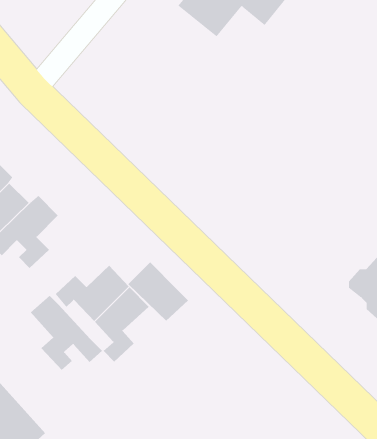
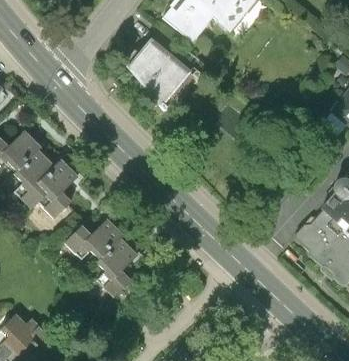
building: none -> [128,39,191,106]
building: [127,262,189,322] -> none
building: [30,295,103,371] -> none

